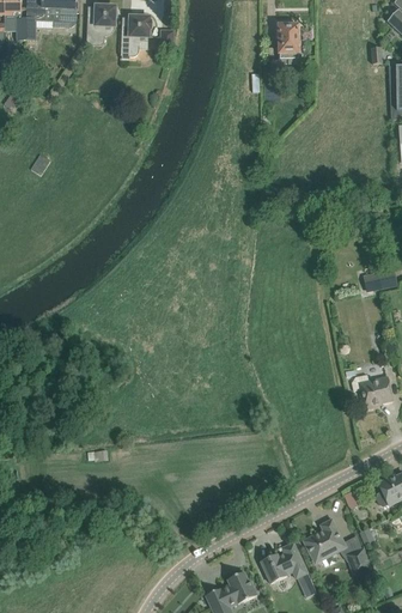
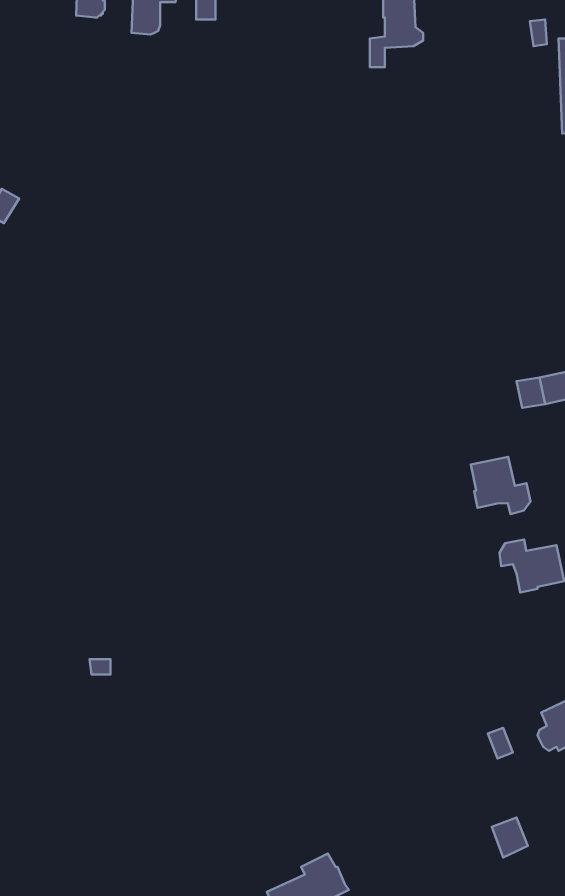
building: none -> [471,457,531,514]
building: [305,520,346,560] -> none
building: [261,542,307,583] -> none

